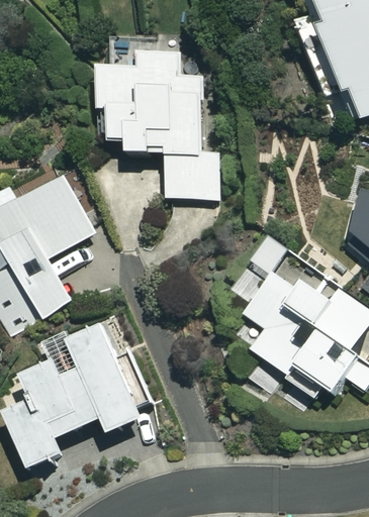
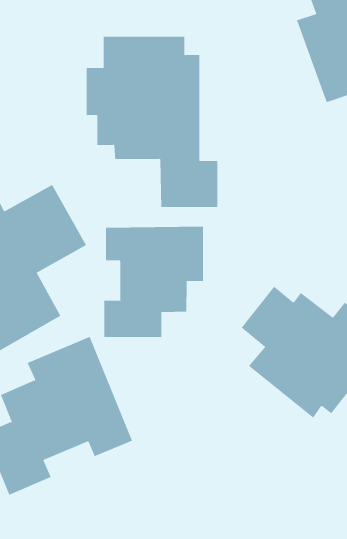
building: none -> [104,226,203,338]

